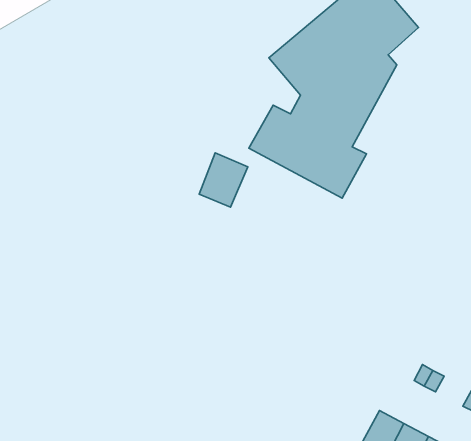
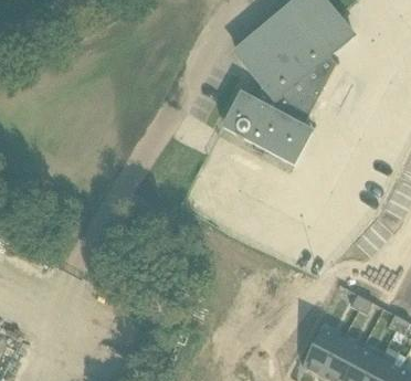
building: [199,153,248,207] -> none

